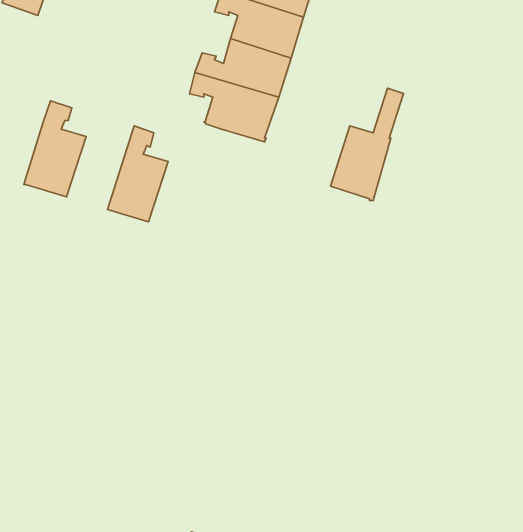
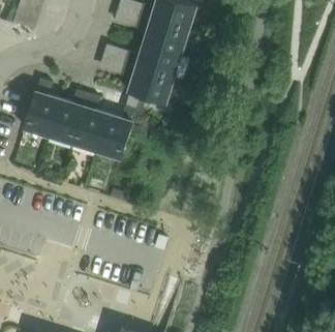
building: [330,88,403,200] -> [97,93,140,158]
building: none -> [50,91,89,143]

